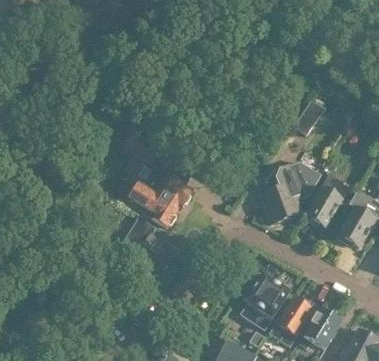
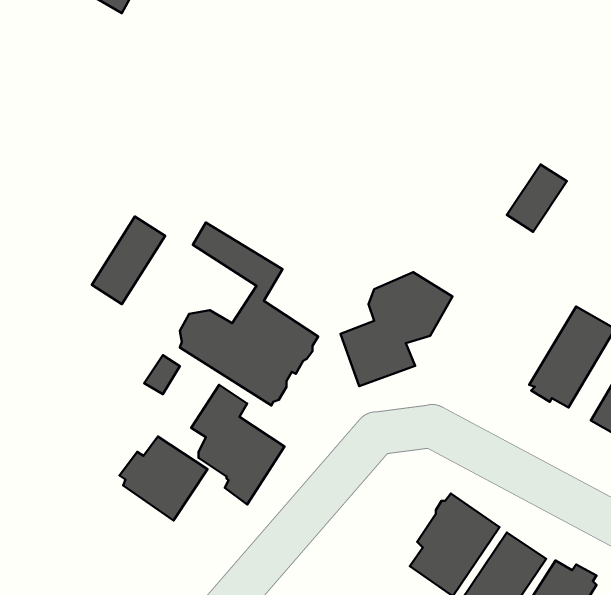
building: none -> [92,216,165,304]
building: [260,161,320,222] -> [340,272,453,386]
building: none -> [120,436,208,520]

